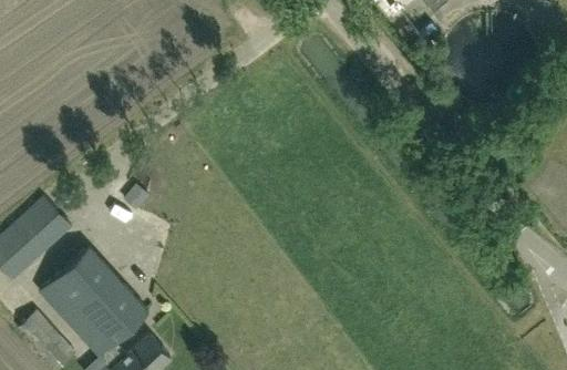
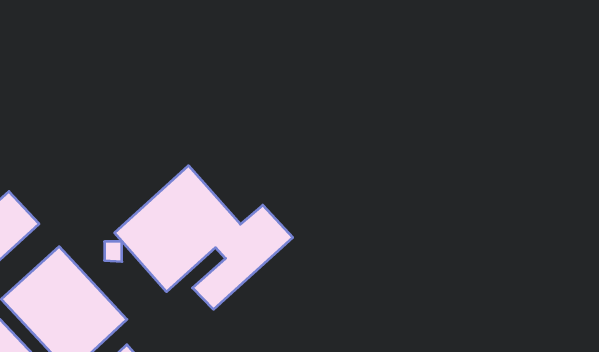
building: none -> [115,166,293,309]

